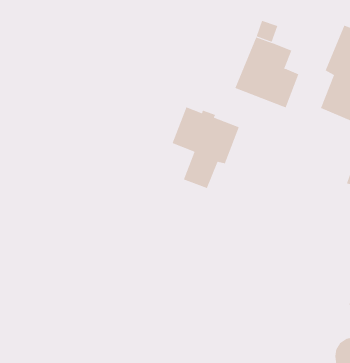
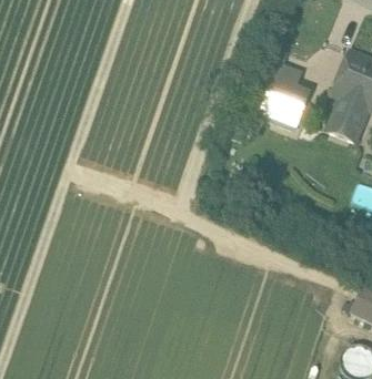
building: [172,107,239,189] -> none

